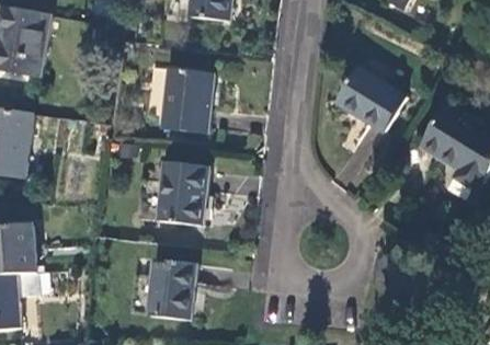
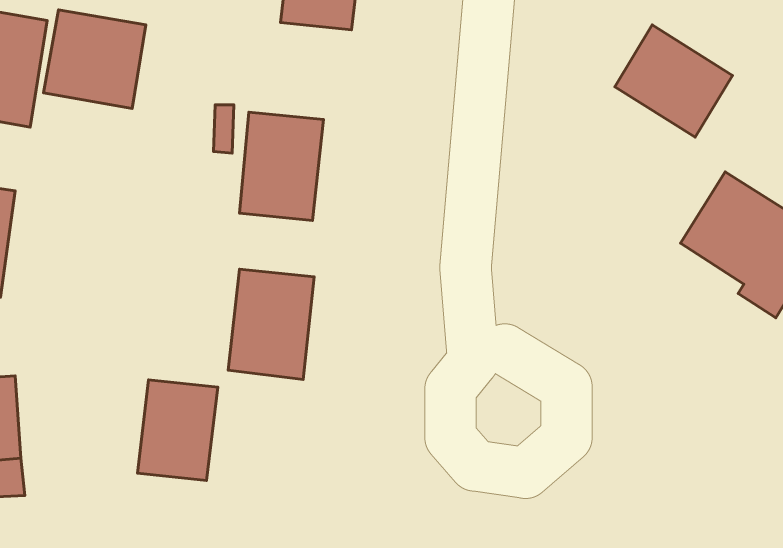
building: none -> [43,10,146,109]
building: [338,67,407,133] -> [615,25,733,137]
building: [148,260,195,319] -> [137,380,218,481]

